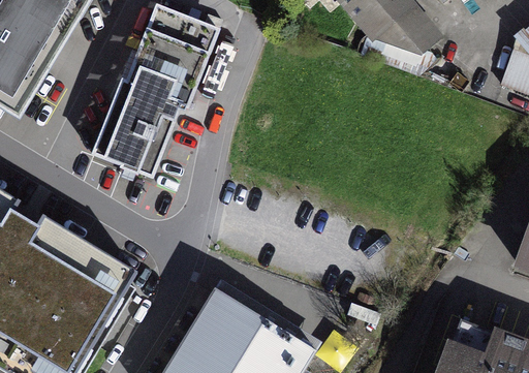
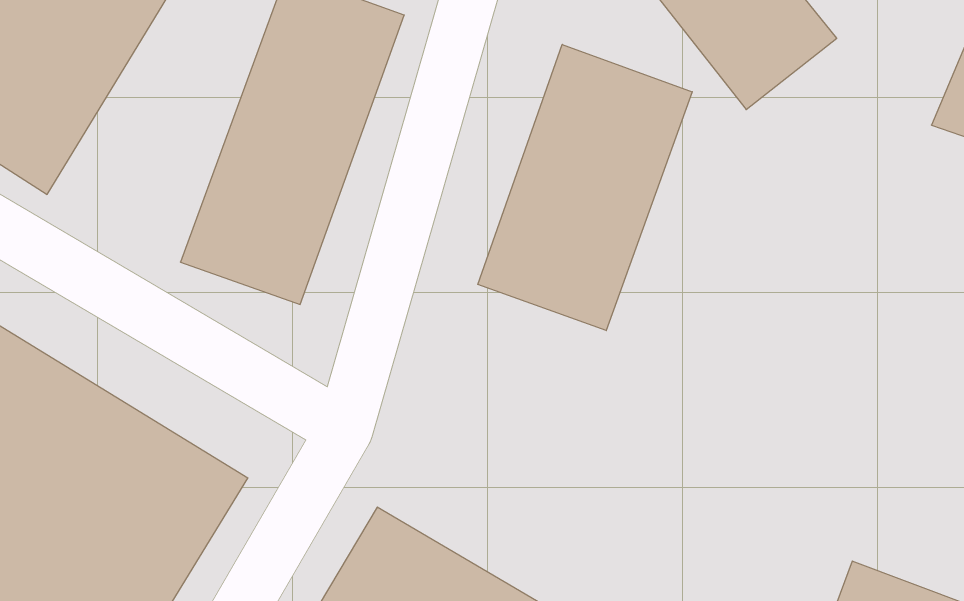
building: none -> [478,44,692,331]

